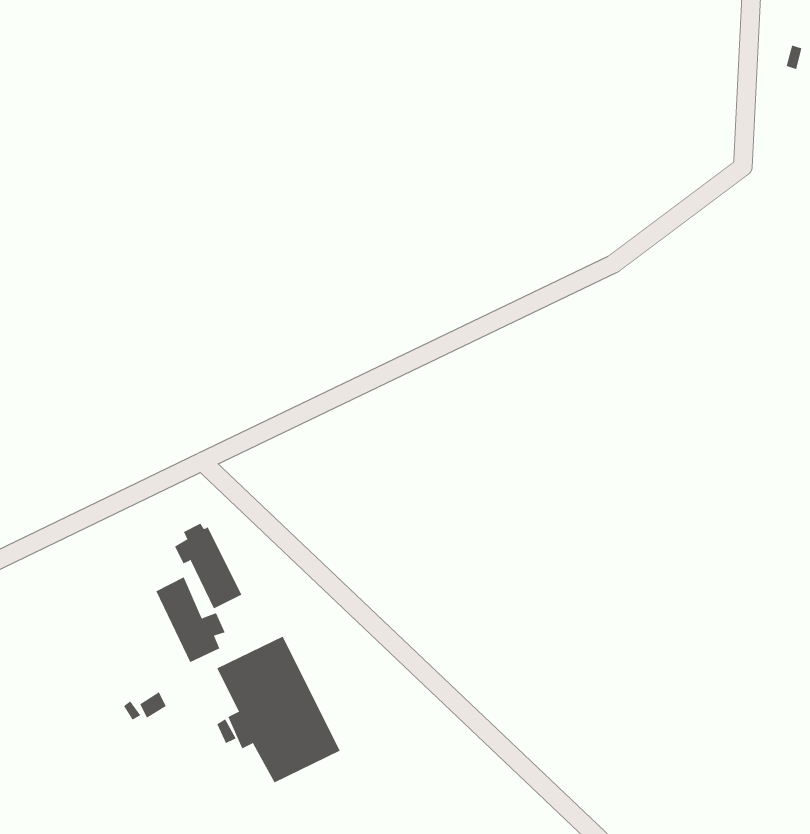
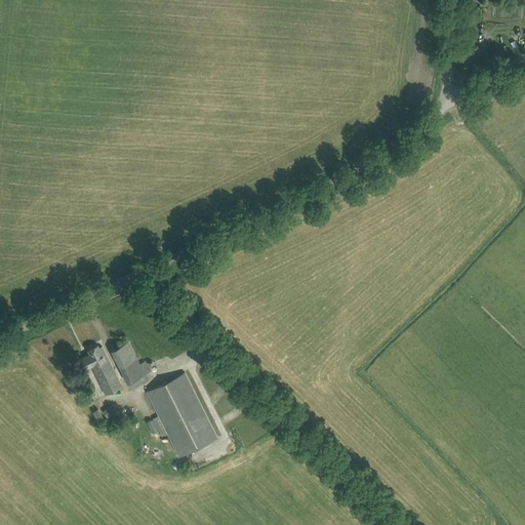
building: [174,523,242,609] -> [83,347,122,396]

